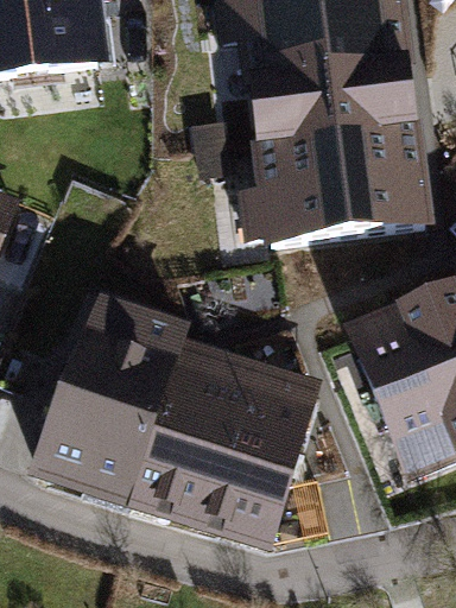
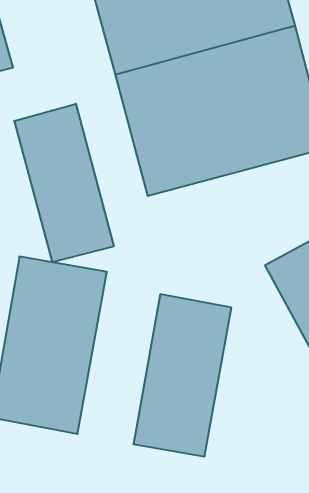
building: none -> [14,104,114,262]
building: [126,334,240,515] -> none

